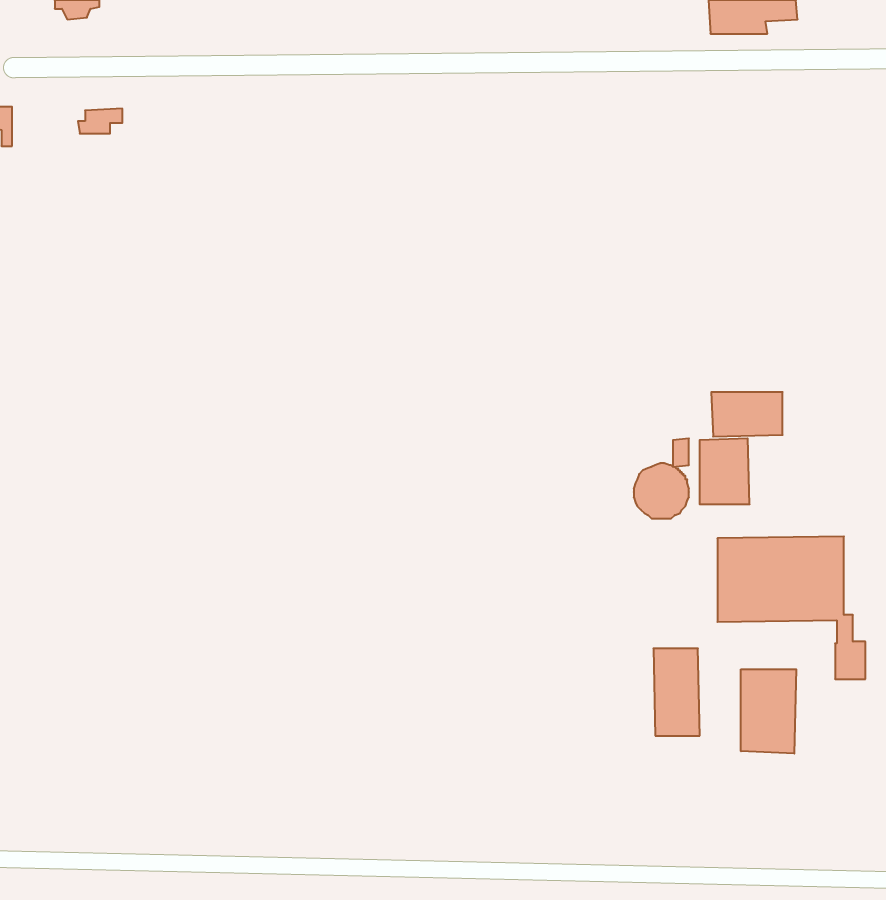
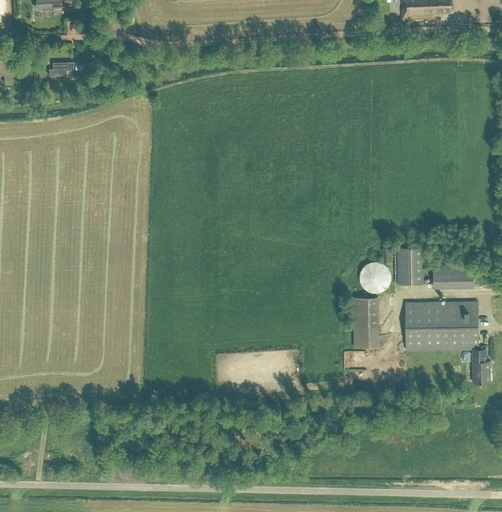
building: [711,392,783,437] -> [432,264,472,289]
building: [653,648,700,736] -> [352,298,378,347]
building: [741,669,796,754] -> none

